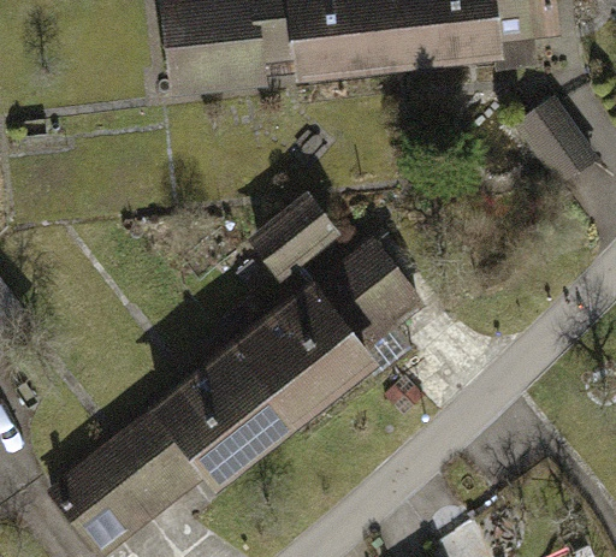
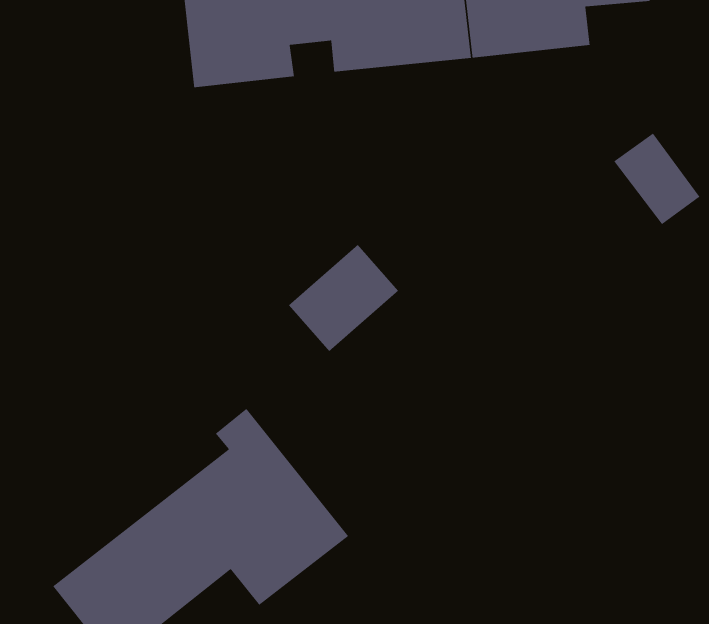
building: [213,261,421,468] -> none

